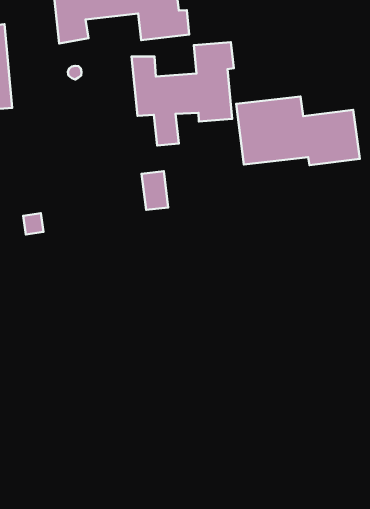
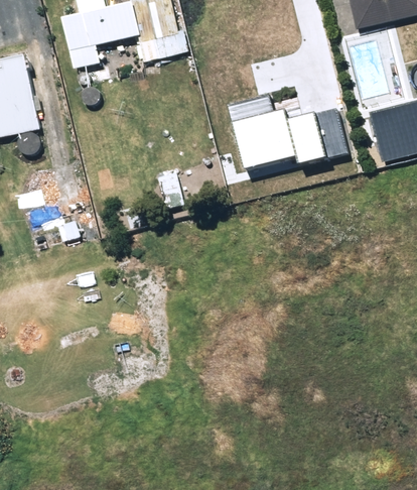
building: [131,42,234,146] -> none

